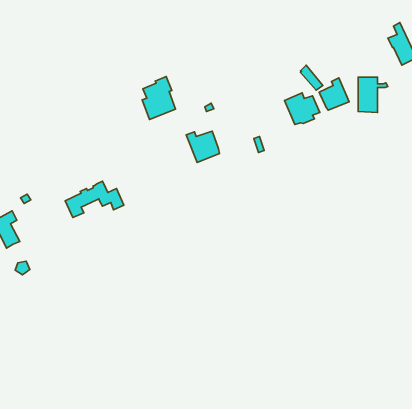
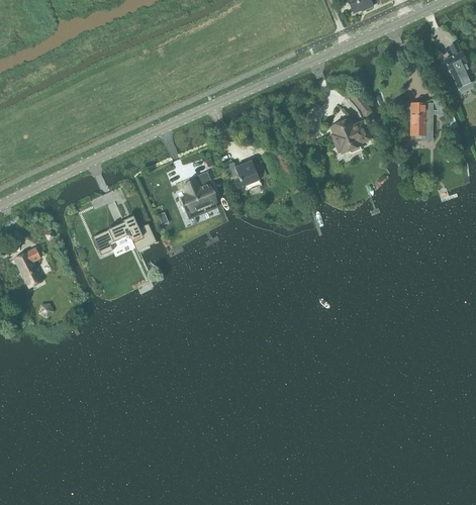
building: [142,77,176,119] -> [180,171,216,217]
building: [319,78,349,110] -> none

